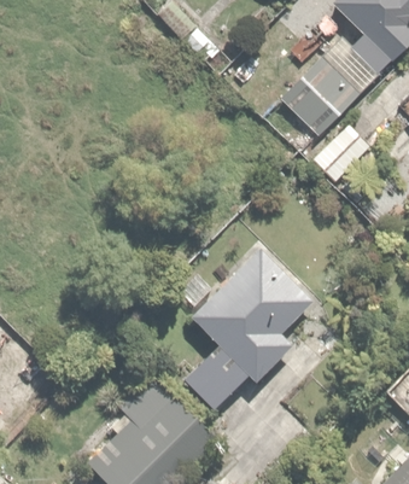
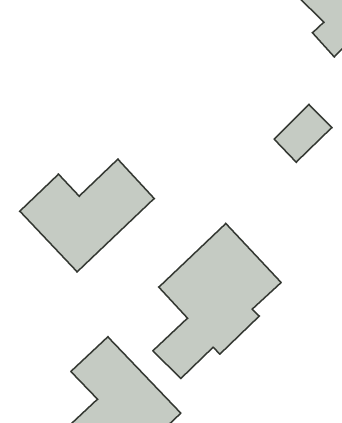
building: [274,52,358,138] -> none
building: none -> [20,159,154,272]

